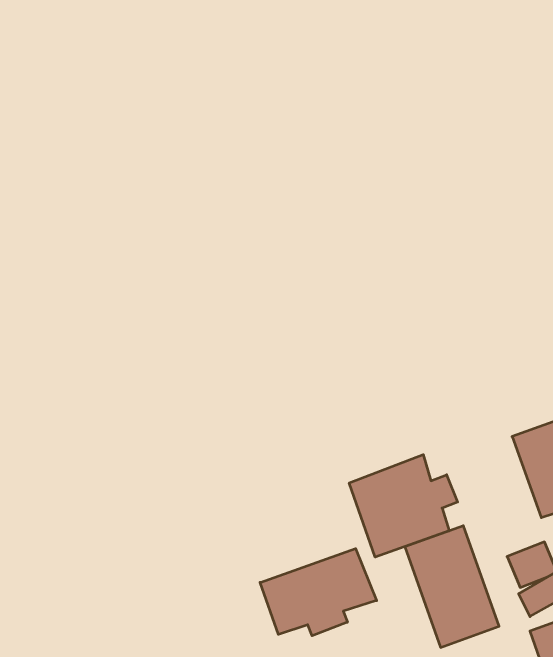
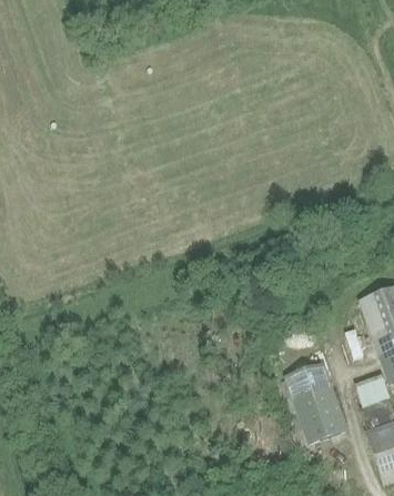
building: [349,455,458,557] -> none
building: [260,549,377,636] -> none

